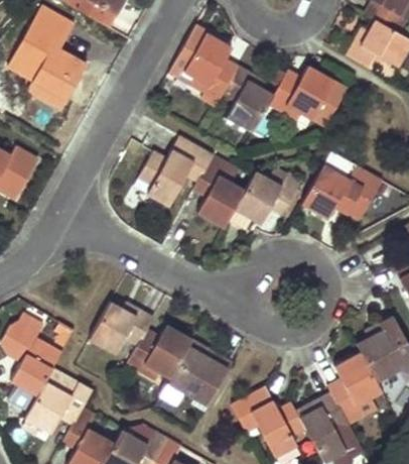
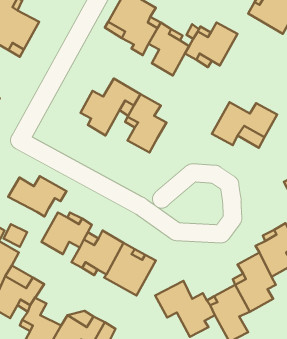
building: [234,168,302,223] -> none
building: none -> [8,176,67,217]

